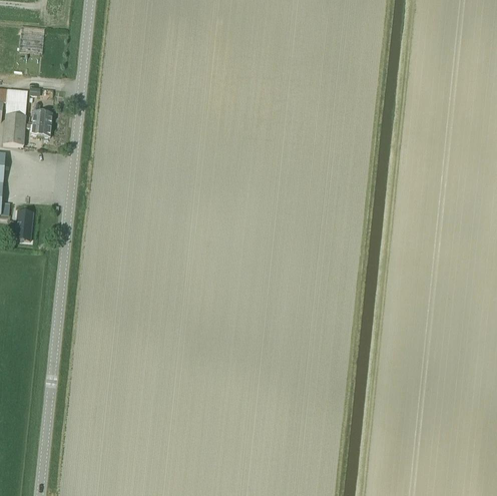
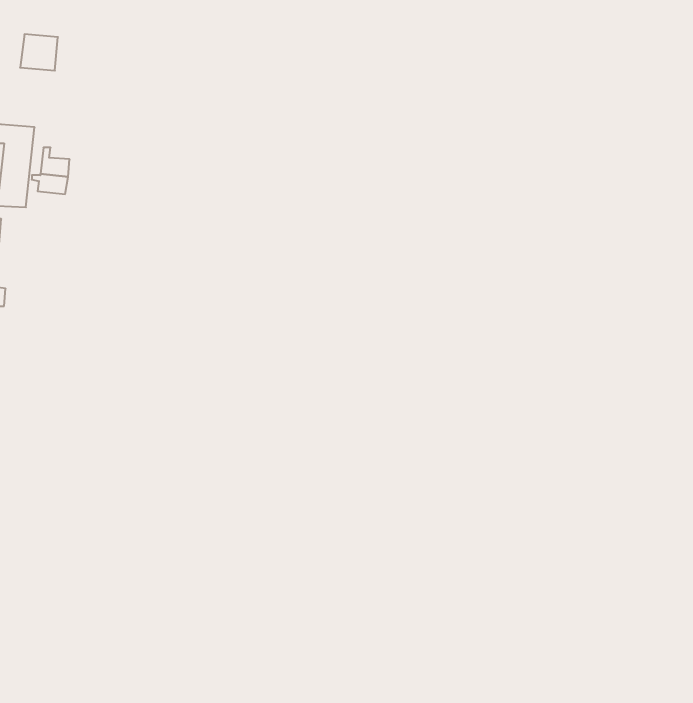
building: [14,210,31,239] -> none

